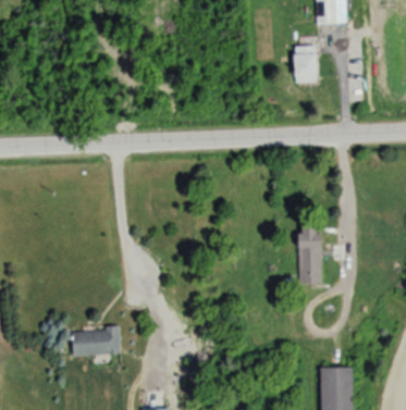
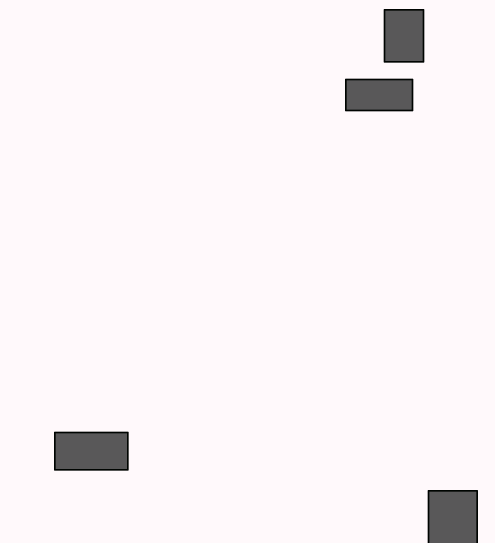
building: none -> [346,79,413,111]
building: [297,225,323,284] -> none

